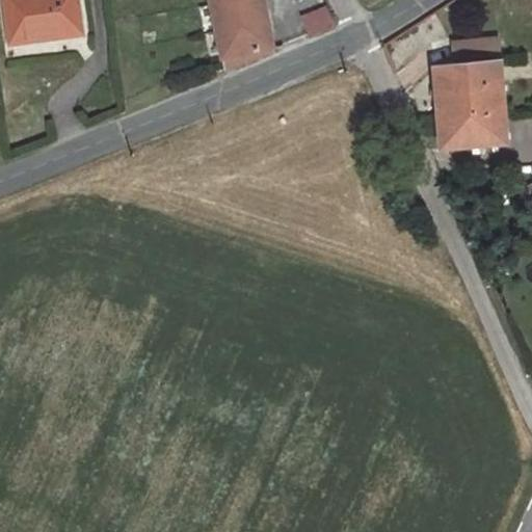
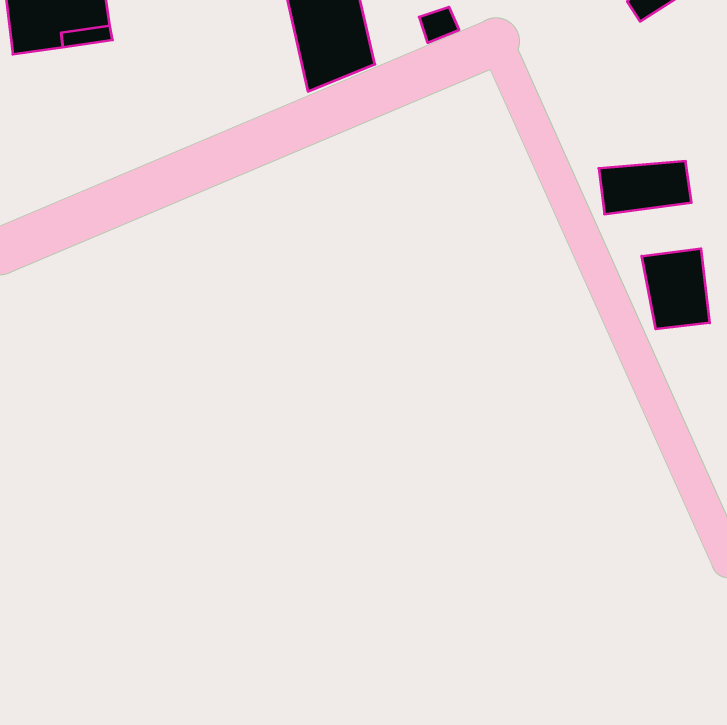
building: [433,38,501,123] -> none
building: none -> [642,249,710,329]

